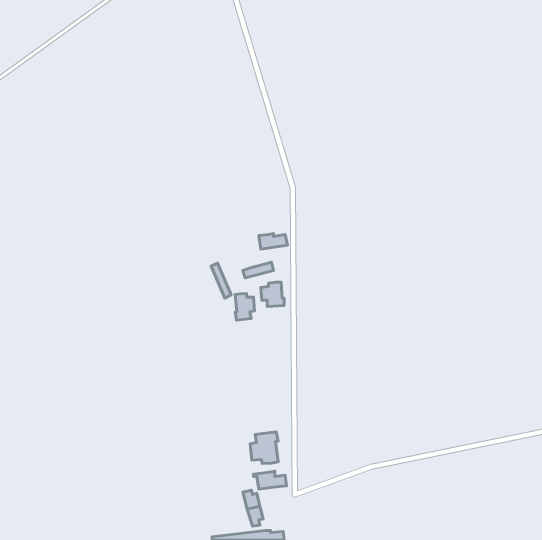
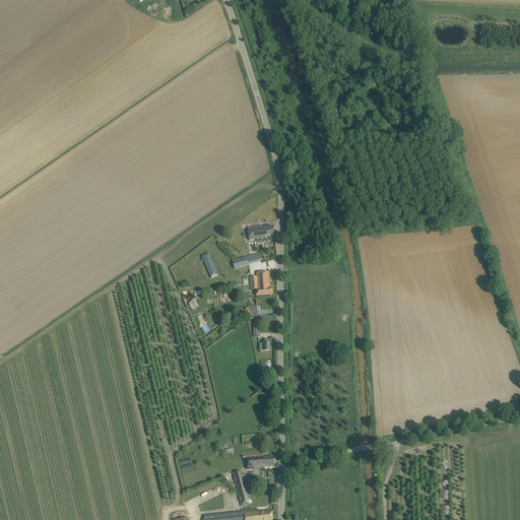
building: [235,294,255,320] -> none
building: [250,432,278,464] -> none

